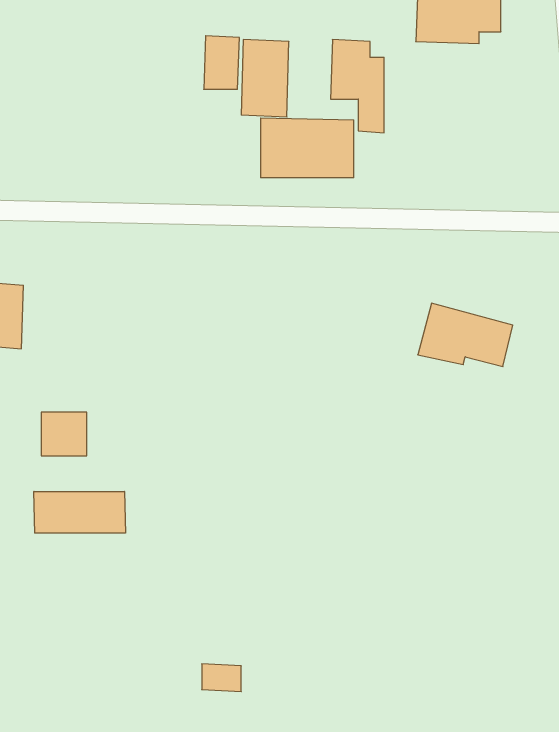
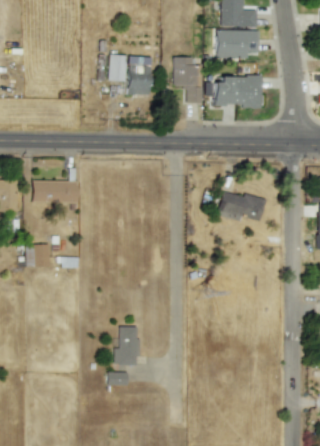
building: [261,118,354,178] -> [214,76,261,106]
building: none -> [32,180,78,203]
building: [34,491,125,533] -> none
building: none -> [115,326,139,365]

